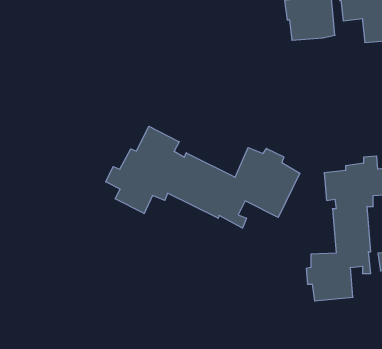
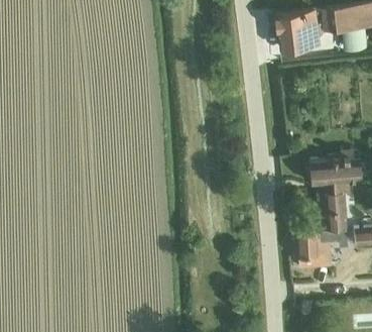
building: [106,126,300,228] -> none

